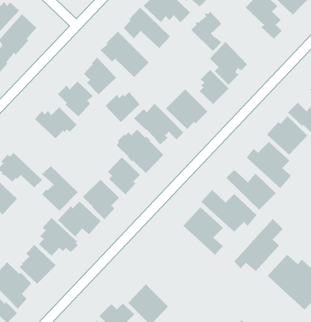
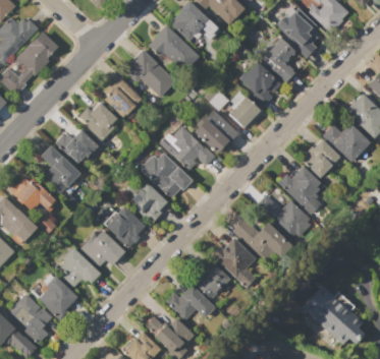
building: [191,10,222,52] -> [263,38,296,81]
building: [105,91,141,123] -> none
building: [41,165,79,212] -> [41,145,80,194]
building: [233,218,283,272] -> none
building: none -> [201,262,233,297]
building: none -> [165,284,216,320]

